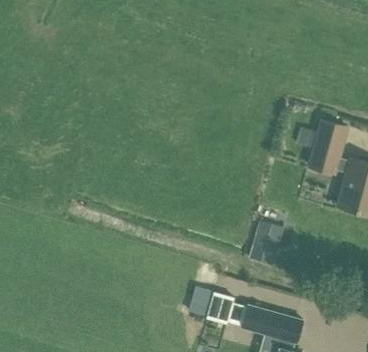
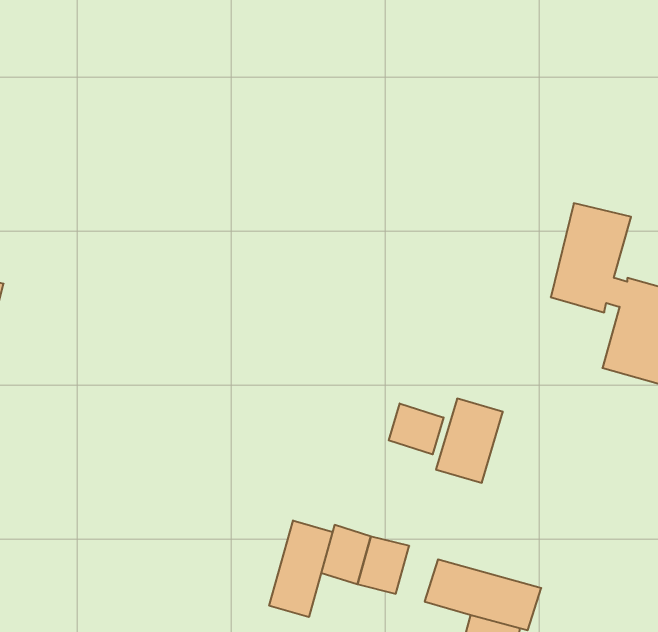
building: none -> [389,403,444,454]
building: none -> [269,520,333,617]

